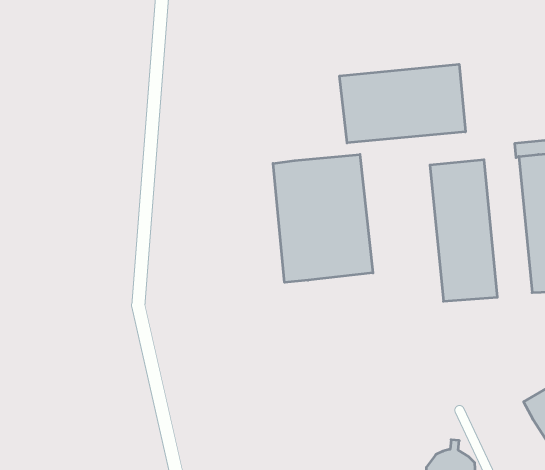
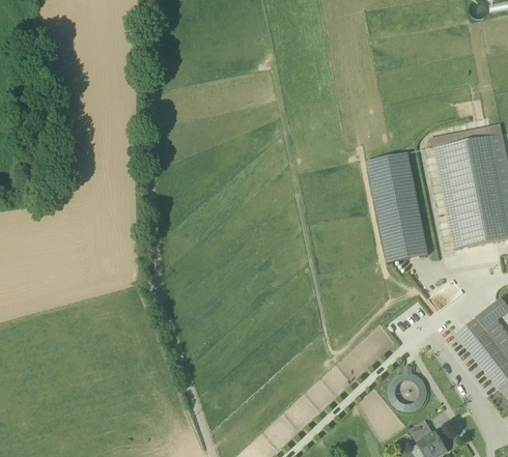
building: [340,64,465,143] -> none
building: [273,154,373,282] -> none

